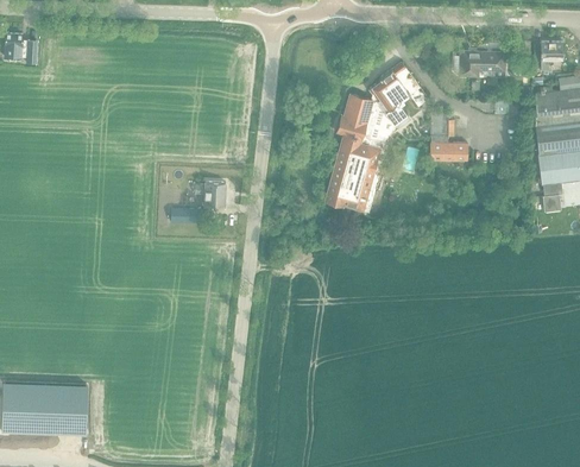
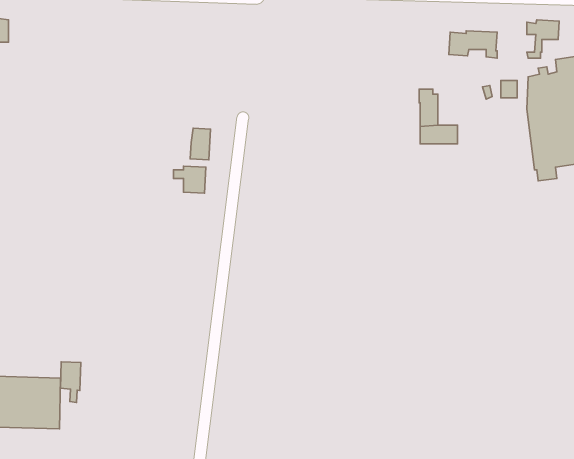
building: [324,63,429,212] -> none
building: none -> [190,128,211,160]
building: none -> [60,362,81,402]

